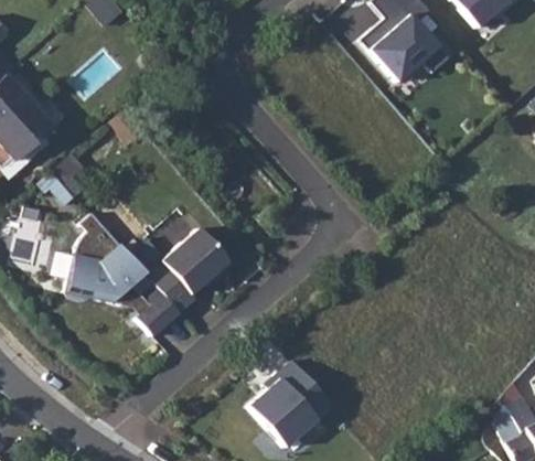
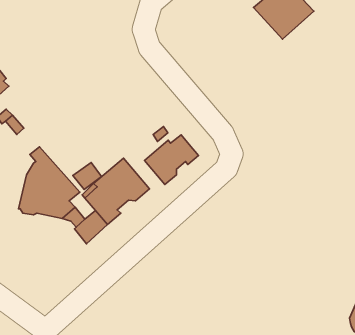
building: none -> [144,135,199,184]
building: [253,357,334,442] -> none

